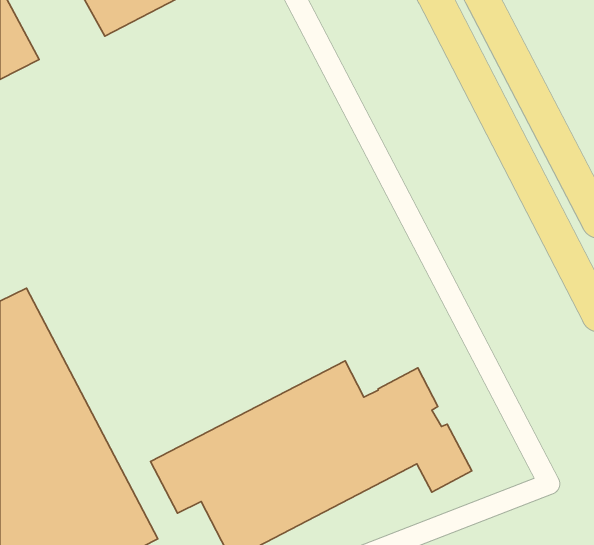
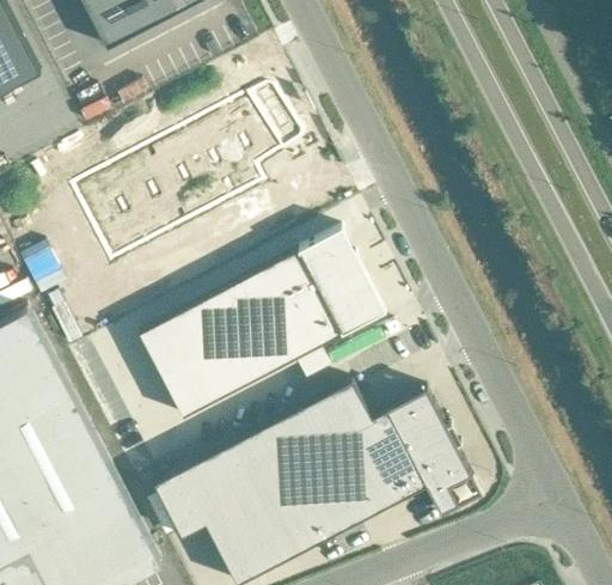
building: none -> [69,84,302,264]
building: none -> [139,227,381,416]

